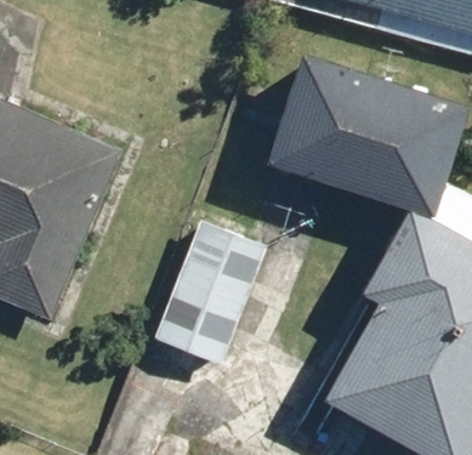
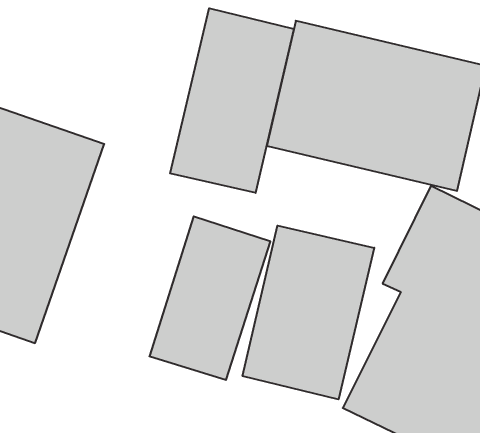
building: none -> [170,8,294,193]
building: none -> [243,226,374,399]

